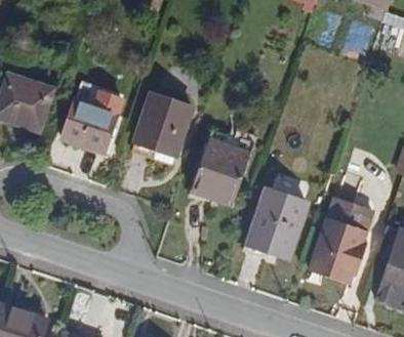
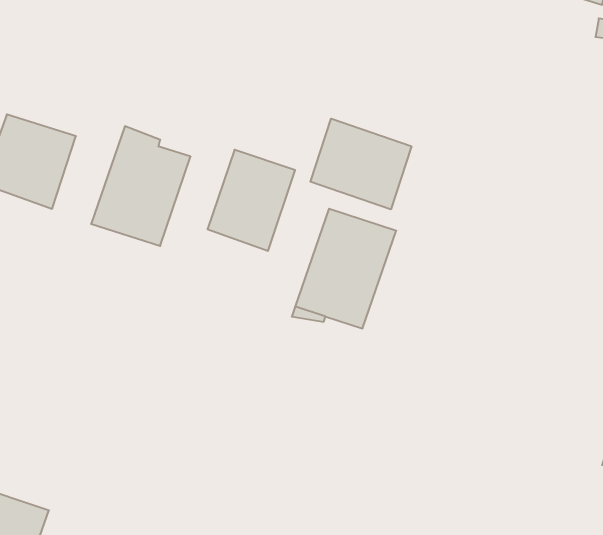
building: none -> [310,119,411,209]
building: [248,186,309,256] -> none
building: [311,204,371,287] -> none

